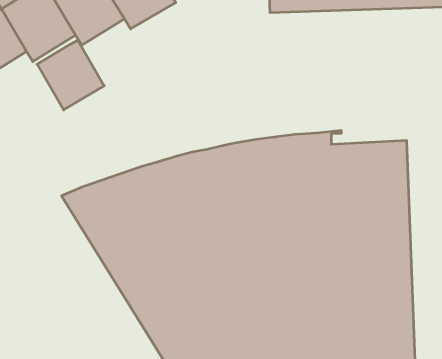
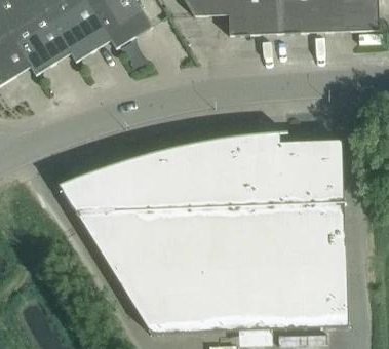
building: [37,40,104,110] -> none

